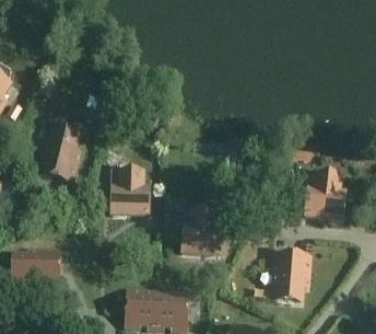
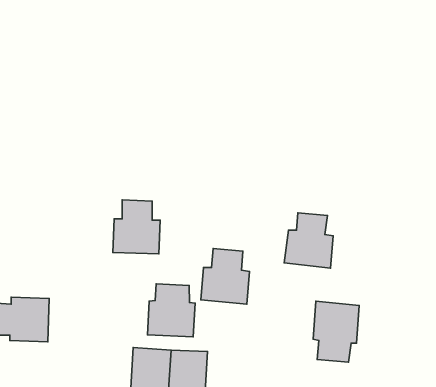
building: [38,127,80,180] -> none
building: [306,172,345,217] -> [284,213,333,268]
building: none -> [147,284,195,337]

